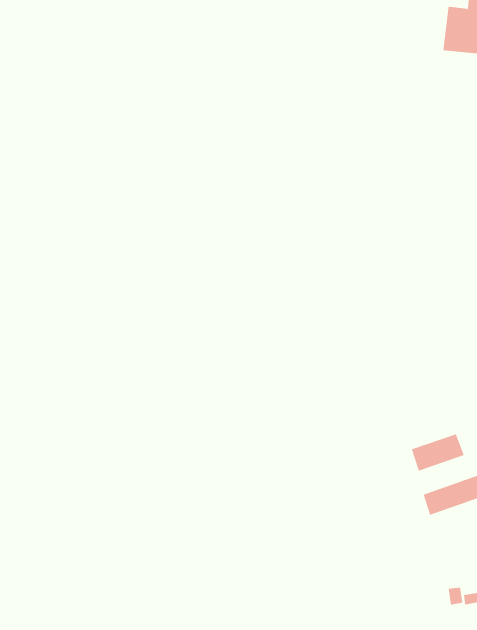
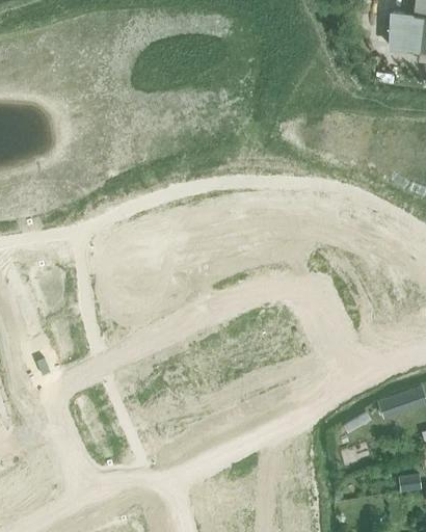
building: [411,433,464,471] -> none

